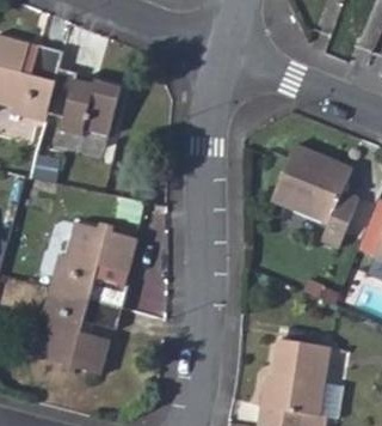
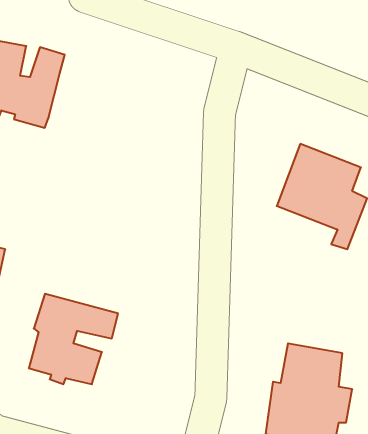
building: [48,74,125,140] -> none
building: [44,225,127,306] -> none

